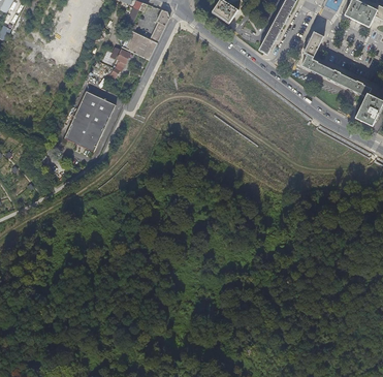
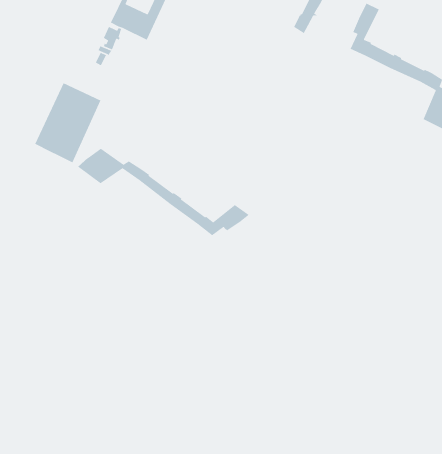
building: none -> [77,148,250,236]

